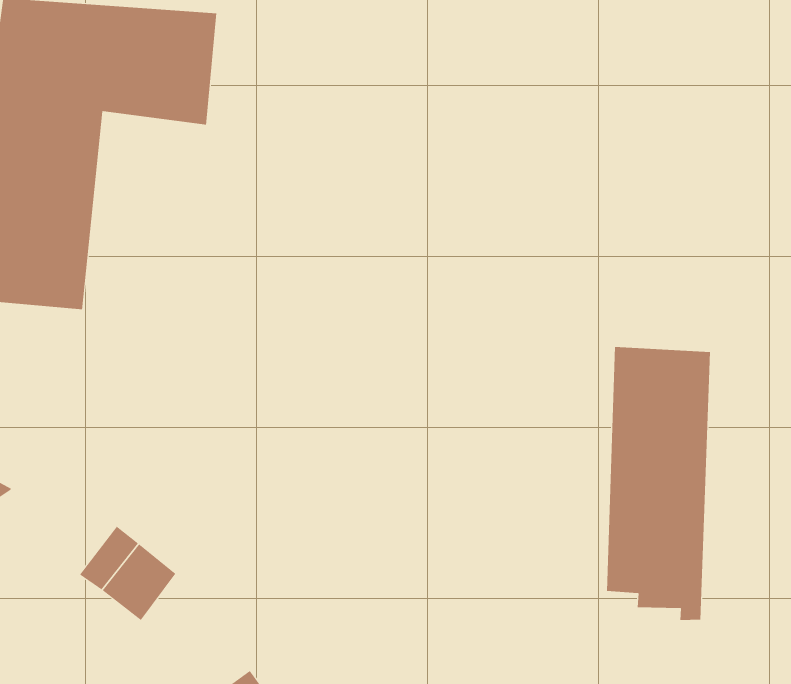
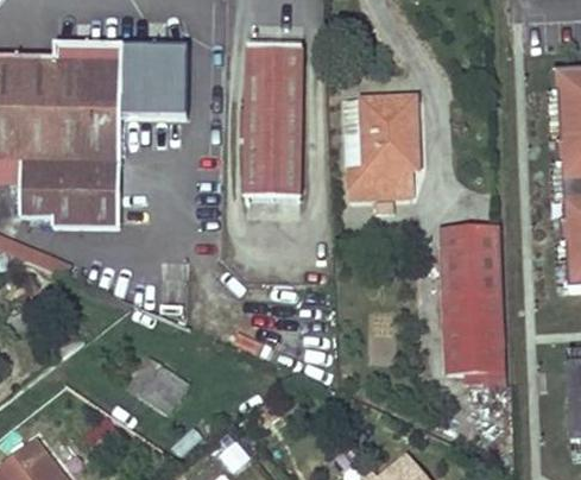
building: none -> [246,48,303,200]
building: none -> [348,100,418,198]

